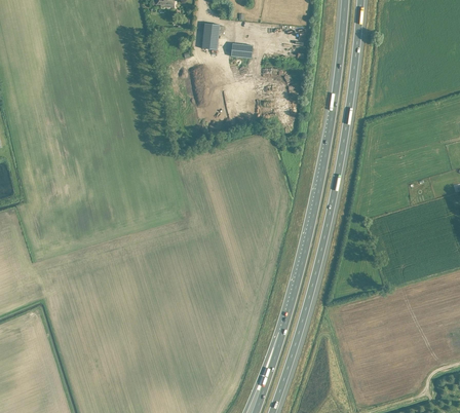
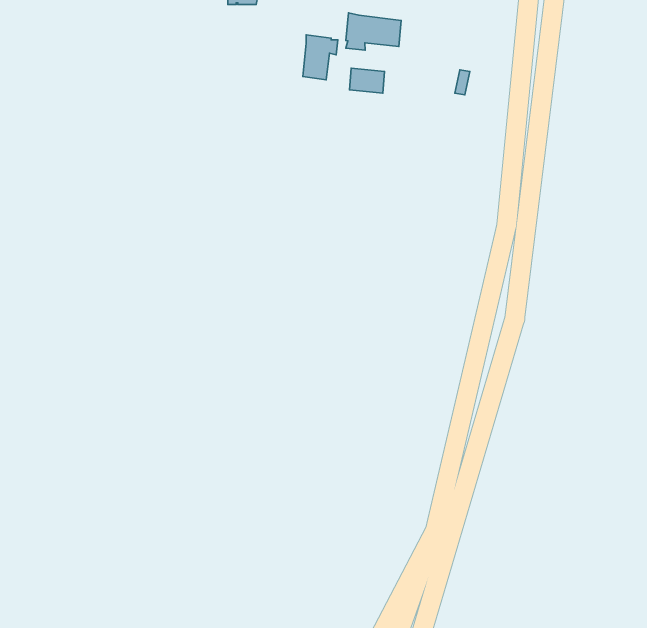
building: none -> [346,13,401,50]

